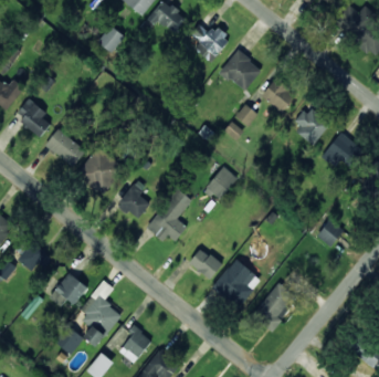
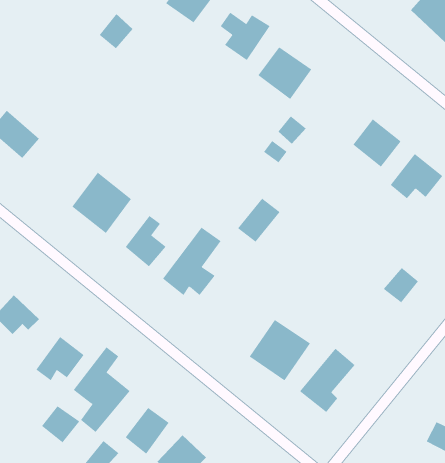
building: [262,77,297,113] -> none
building: [45,129,86,168] -> none
building: [189,249,222,281] -> none

